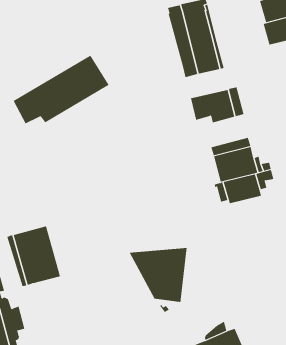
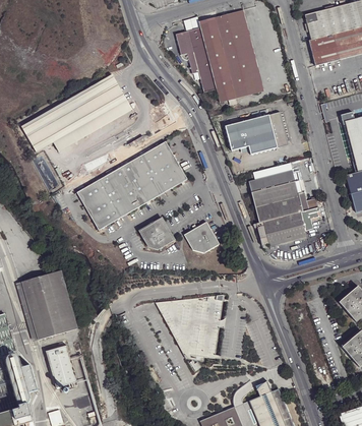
building: none -> [176,28,216,92]
building: none -> [76,140,186,229]
building: none -> [138,217,175,248]
building: none -> [183,221,219,253]
building: none -> [45,346,75,388]

